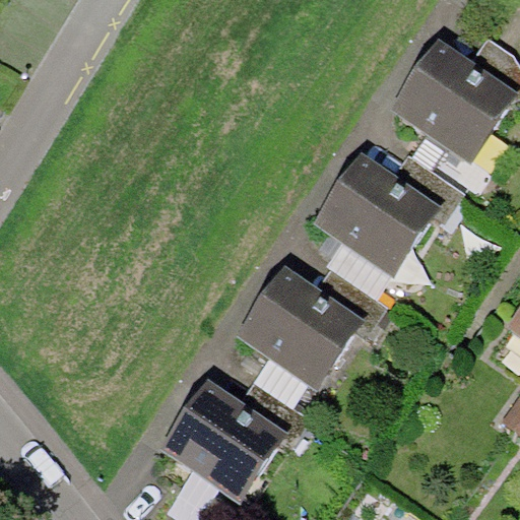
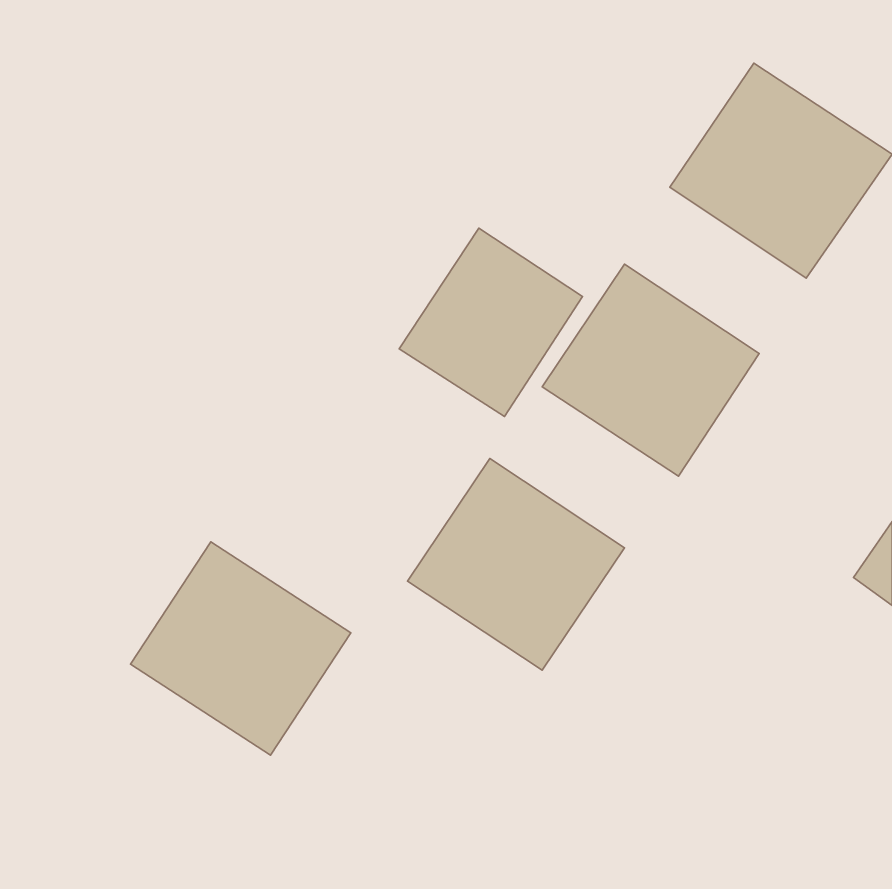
building: none -> [399,228,583,416]
building: [157,378,285,502] -> [130,542,351,755]

